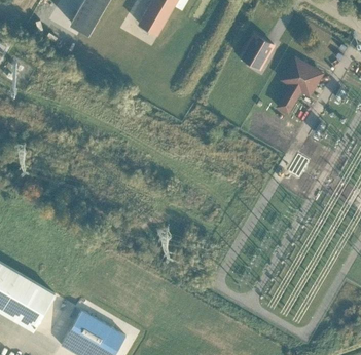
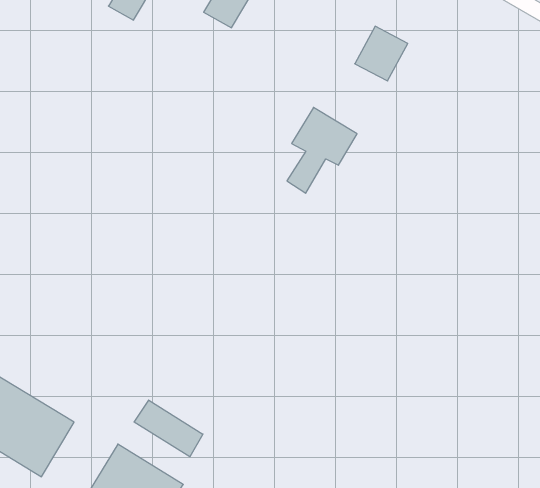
building: [275,56,321,113] -> [287,107,357,193]
building: none -> [134,400,203,457]

